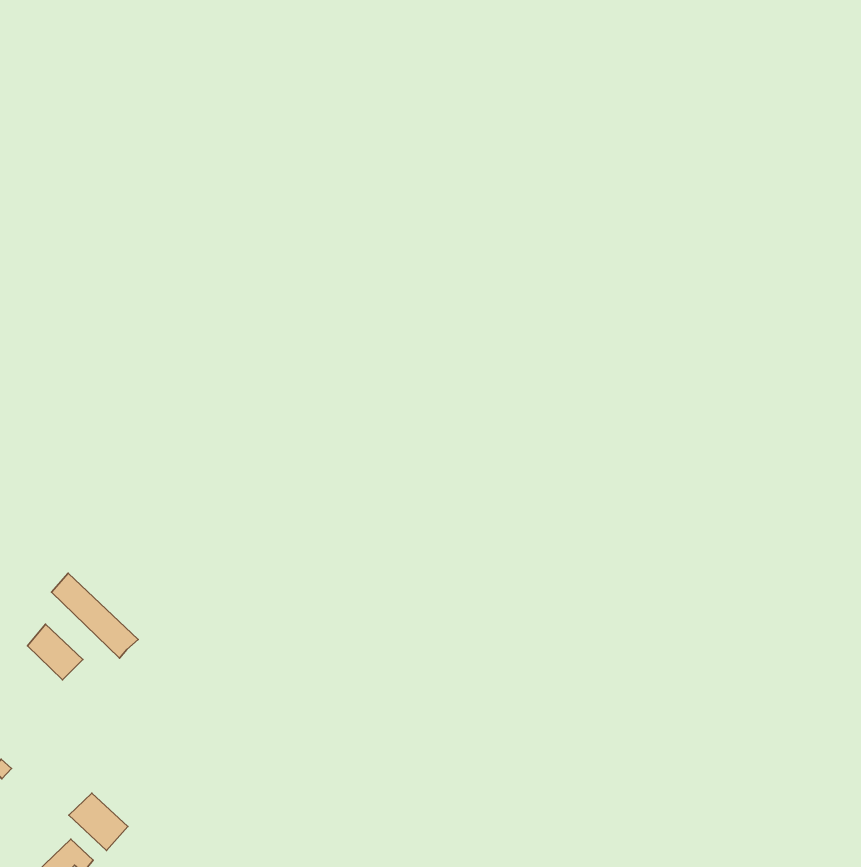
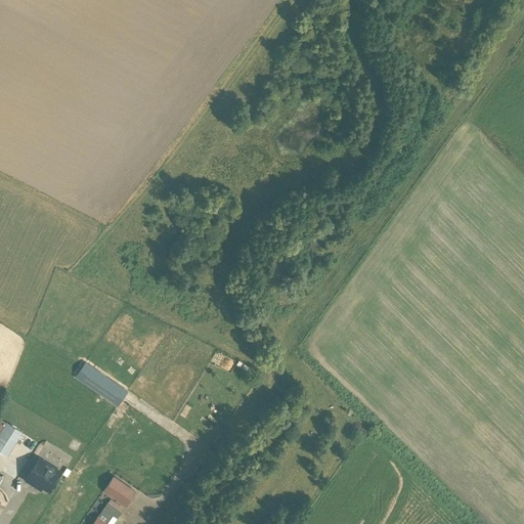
building: [28,624,83,680] -> none

